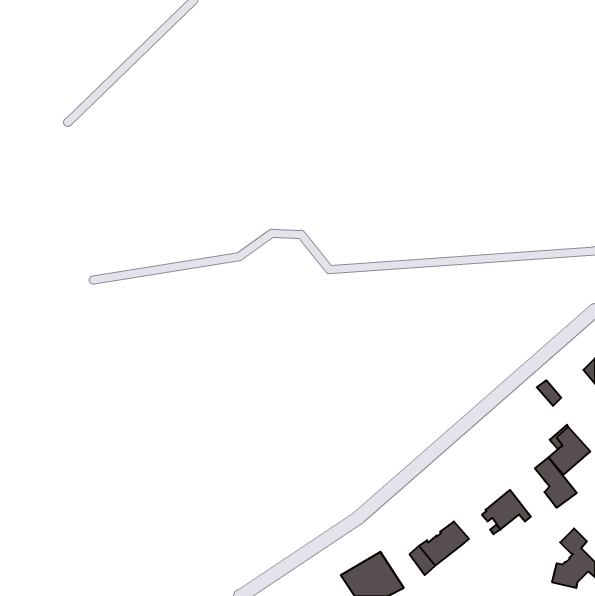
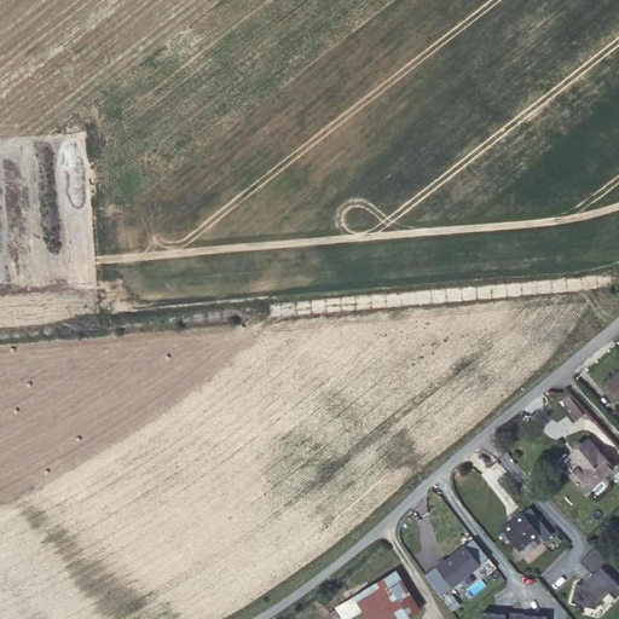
building: [535,458,577,508] -> none

